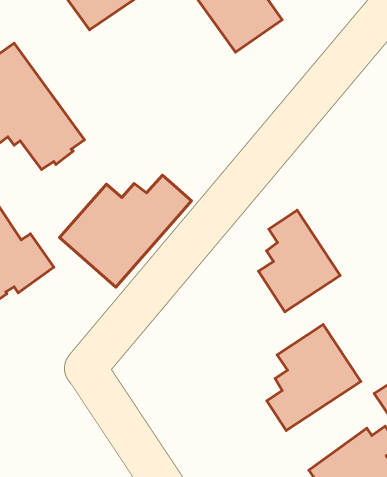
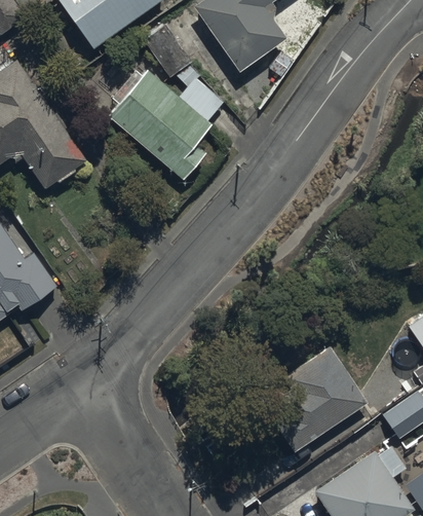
building: none -> [108,25,224,180]
building: [59,175,192,287] -> none
building: [259,210,340,312] -> none

